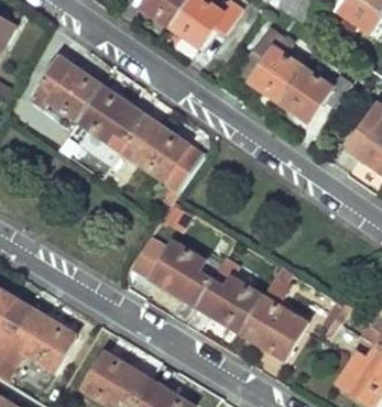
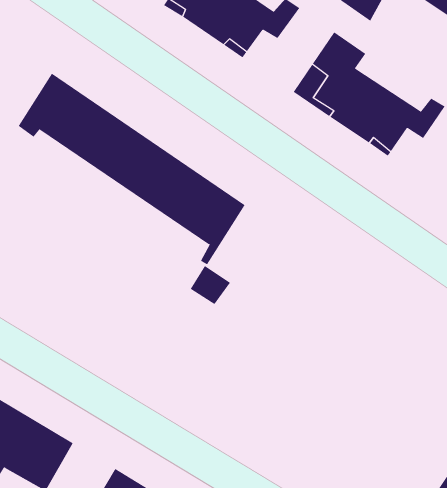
building: [133,238,306,358] -> none

